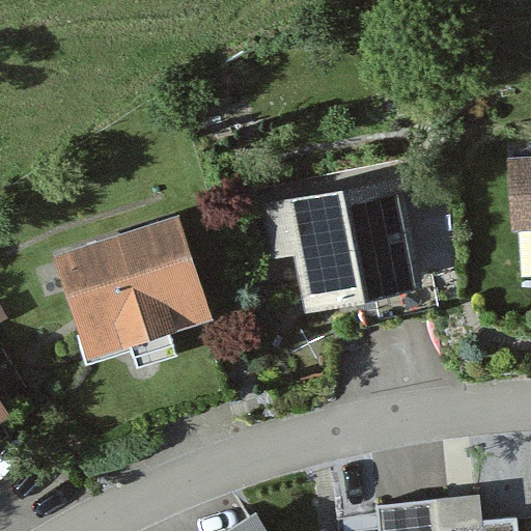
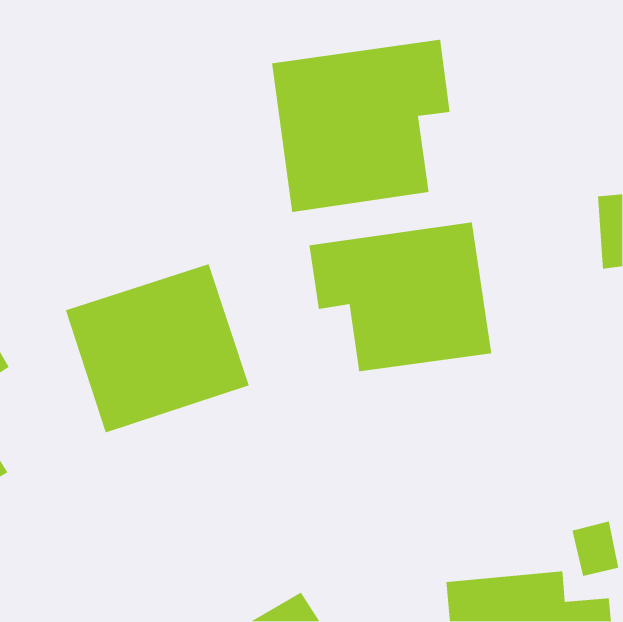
building: none -> [271,39,451,213]

